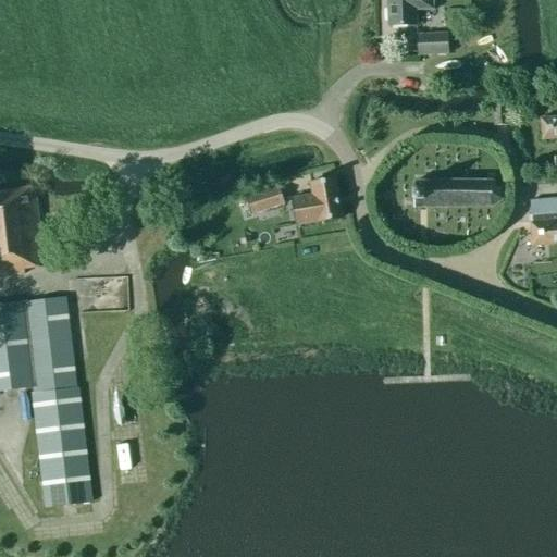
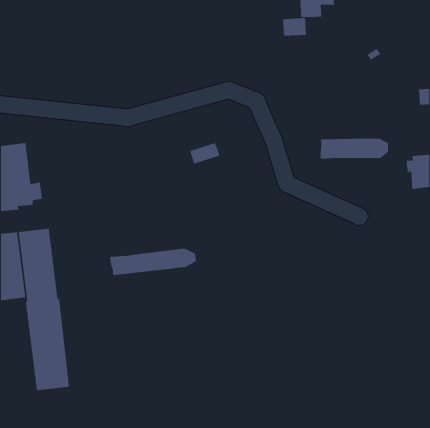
building: [417,29,448,53] -> [282,17,307,36]
building: [296,175,343,222] -> none
building: none -> [109,248,197,276]

